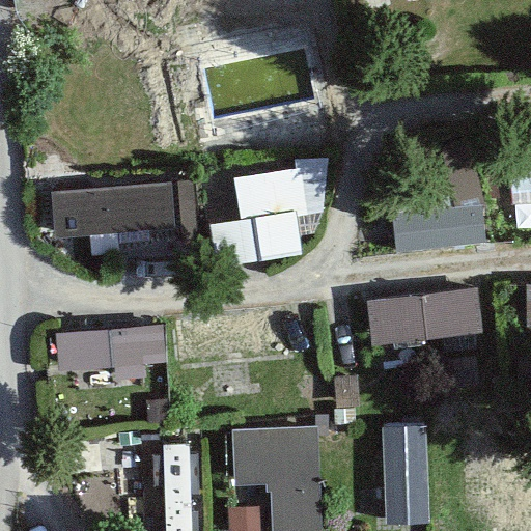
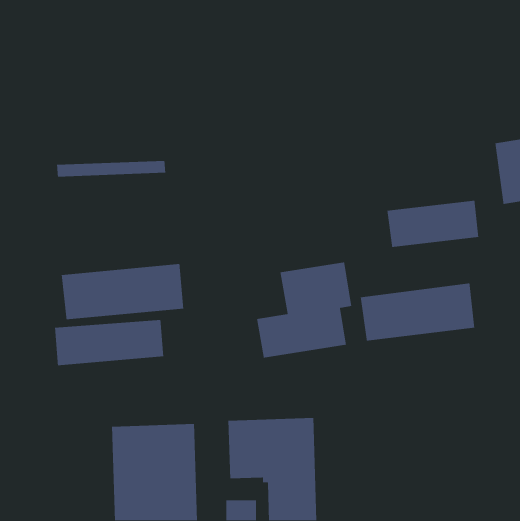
building: [212,169,309,268] -> [256,262,352,358]
building: [52,181,177,240] -> [61,263,184,320]
building: [382,427,430,526] -> none

